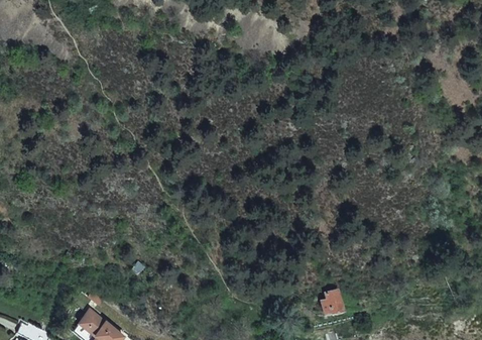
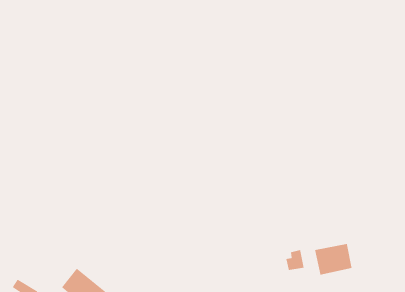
building: none -> [315,243,352,276]

